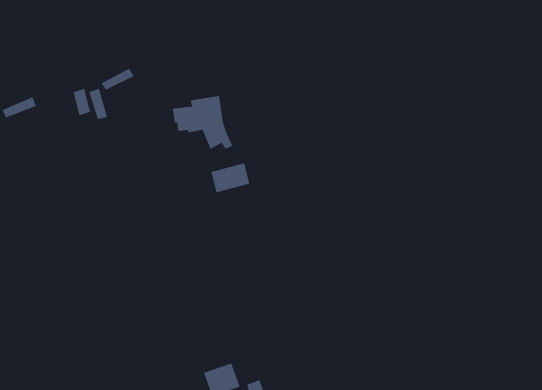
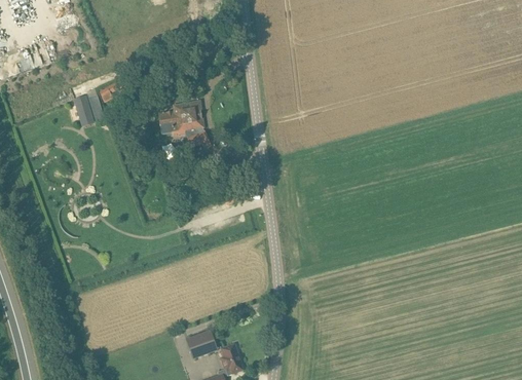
building: [211,163,250,193] -> none

